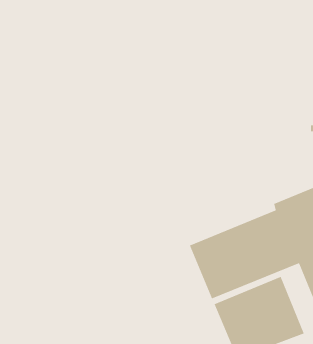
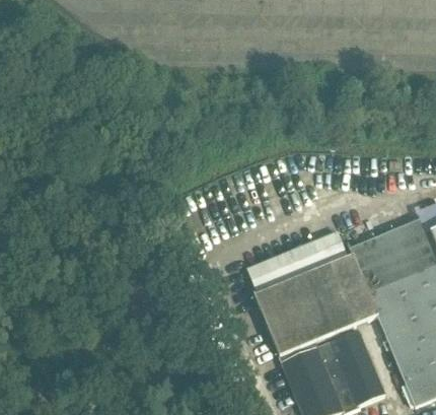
building: none -> [248,231,348,292]

